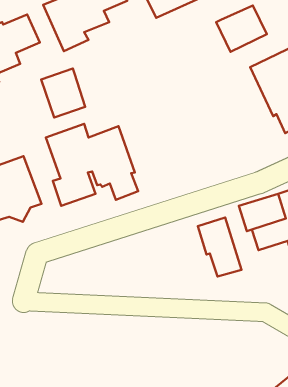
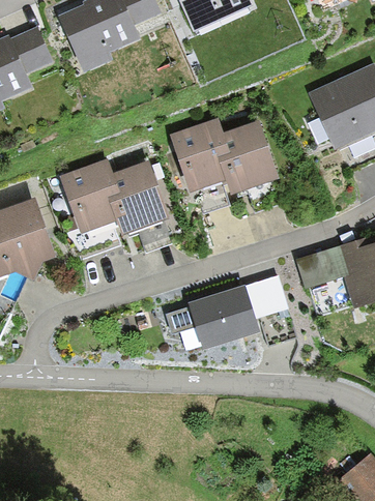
building: [216,5,267,52] -> none
building: [41,68,85,118] -> none
building: none -> [169,117,278,212]
building: none -> [167,284,259,349]

